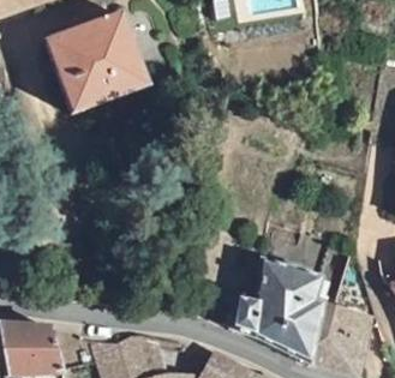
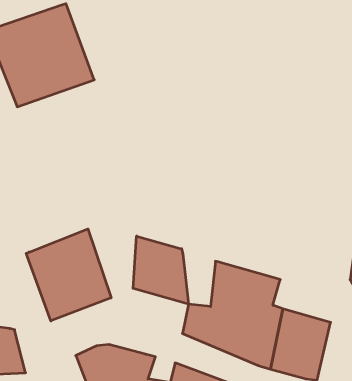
building: none -> [26,229,111,321]
building: none -> [133,236,188,304]

